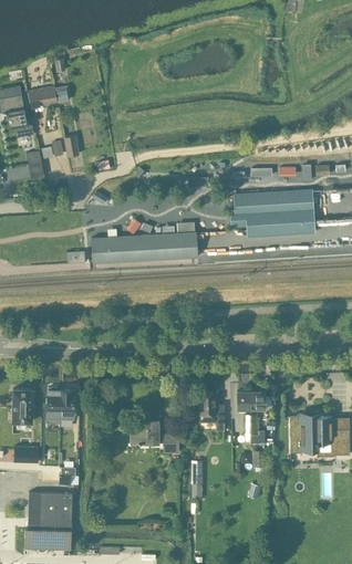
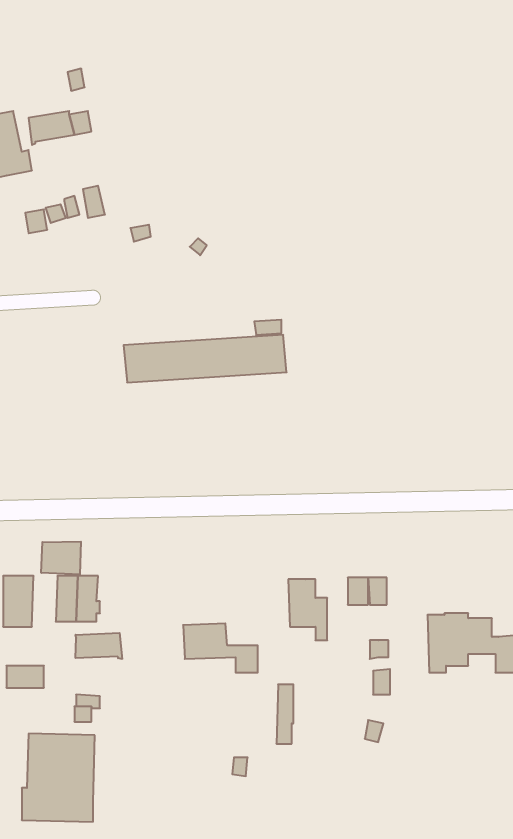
building: [230,190,314,234] -> none
building: none -> [41,542,81,574]
building: none -> [76,633,122,659]

